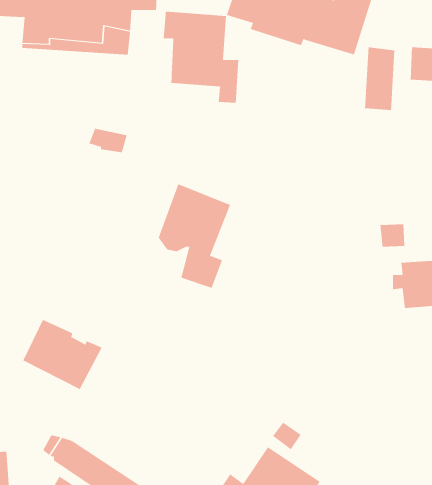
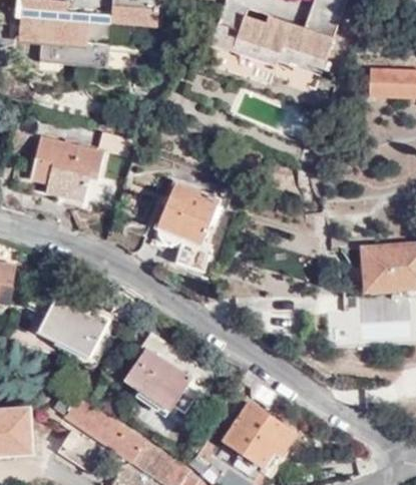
building: [163,11,239,103] -> none
building: [365,47,395,111] -> none
building: none -> [29,136,101,199]
building: none -> [124,334,189,409]

